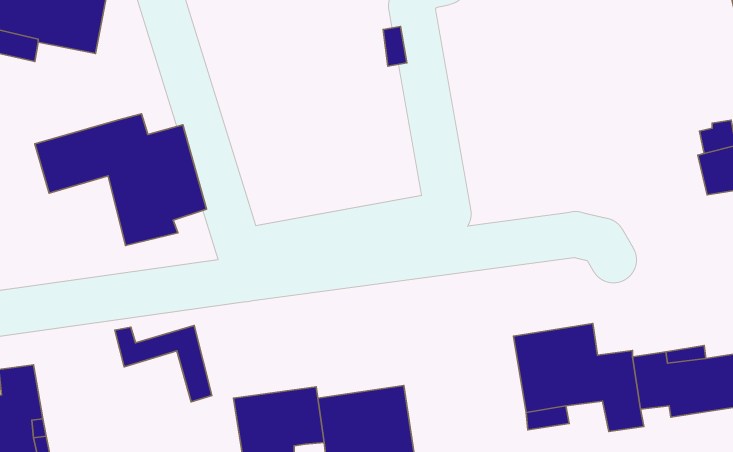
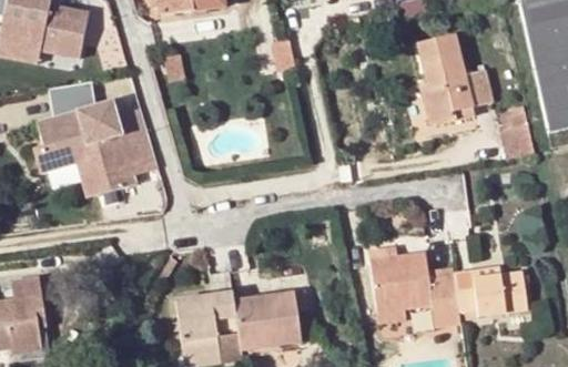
building: none -> [416,32,490,125]
building: none -> [48,82,94,118]
building: [115,326,212,402] -> [32,144,100,197]

